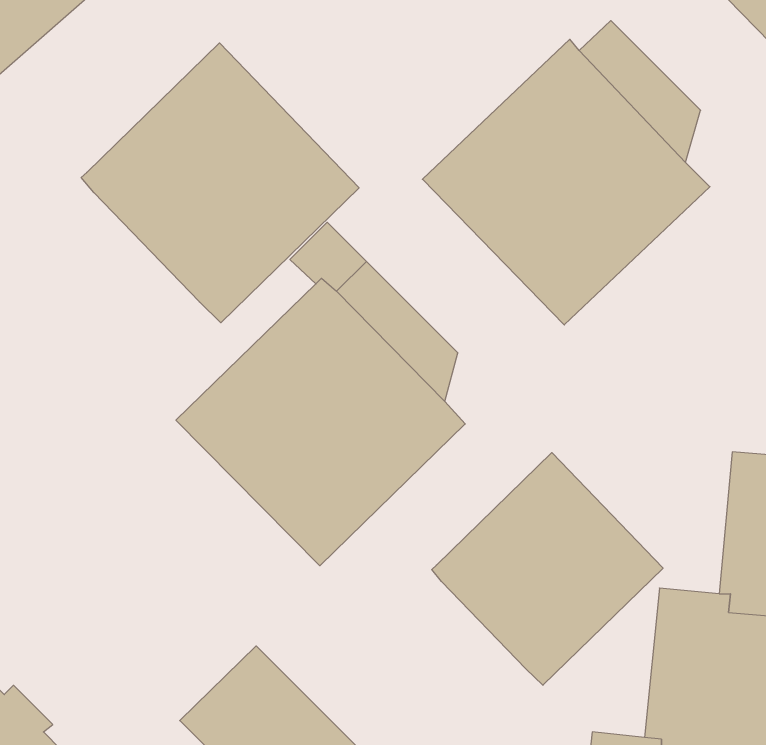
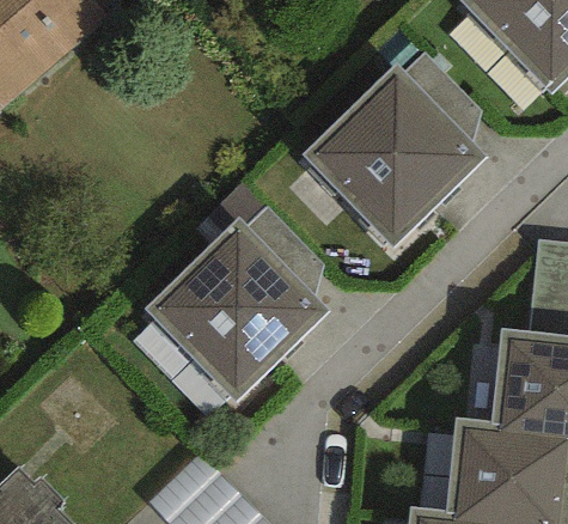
building: [81,43,359,323] -> none
building: [432,453,663,685] -> none

